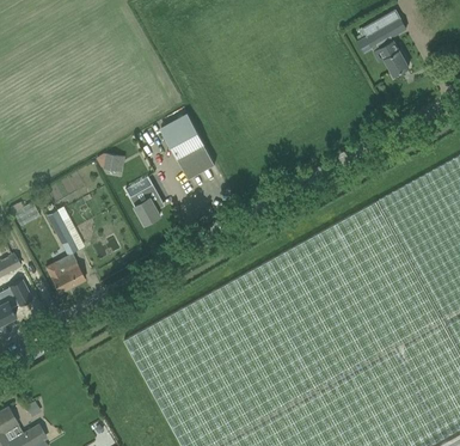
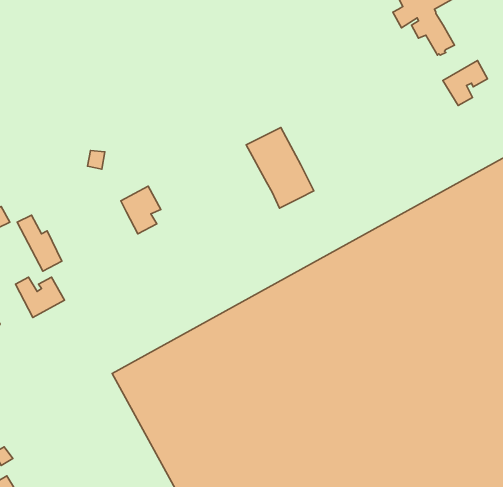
building: none -> [443,60,488,106]
building: [159,114,215,181] -> [246,128,314,208]

